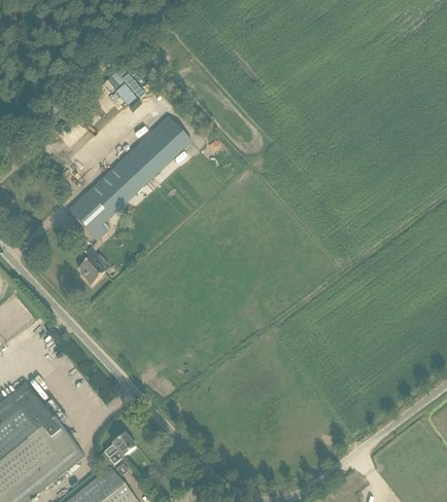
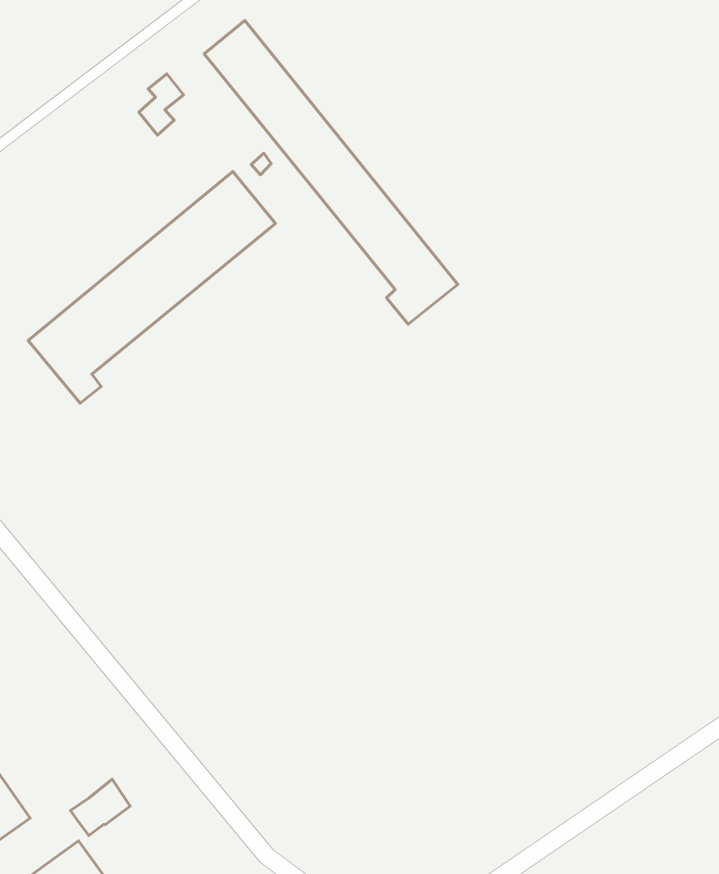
building: none -> [204,21,458,324]
building: [78,248,106,285] -> none

